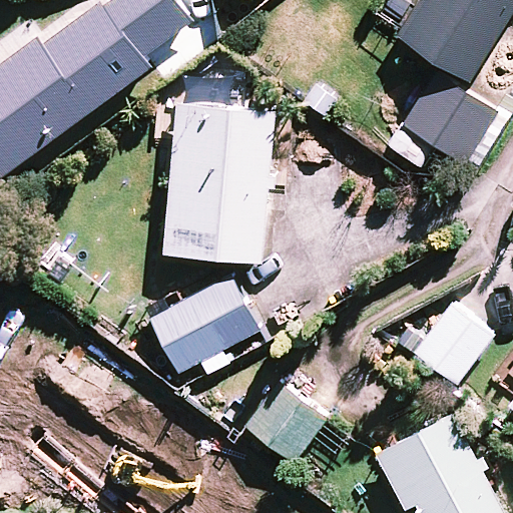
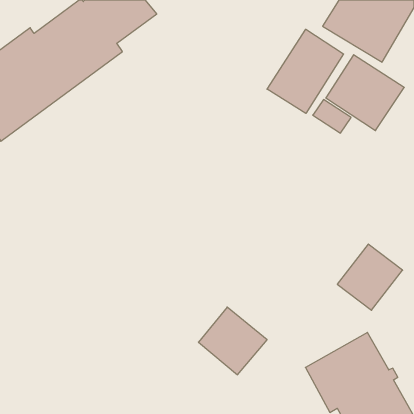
building: none -> [267,29,344,113]
building: [163,104,277,264] -> none
building: [148,275,261,374] -> none

